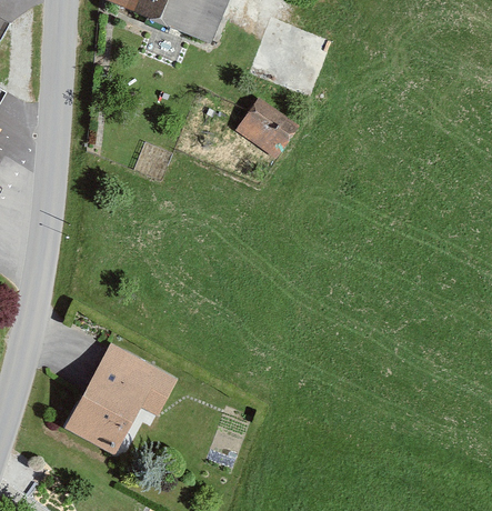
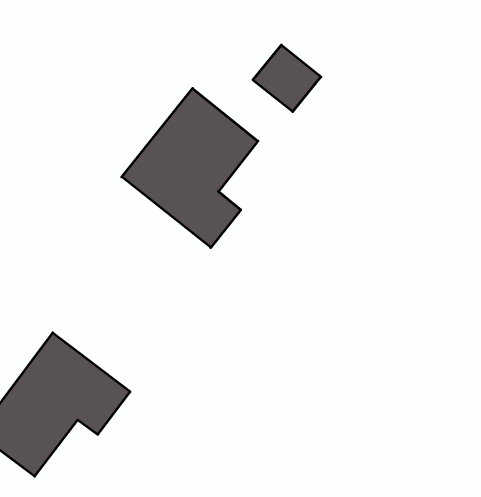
building: none -> [122,88,258,248]

